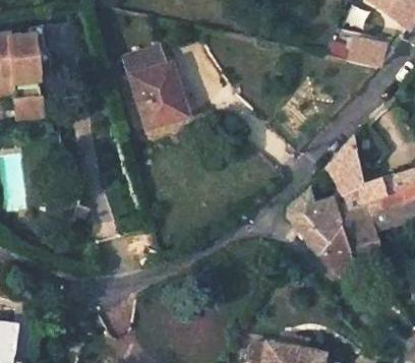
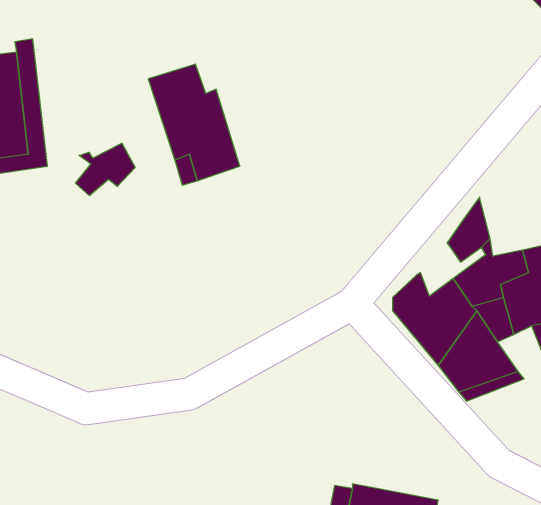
building: [324,35,381,67] -> none
building: none -> [76,143,135,196]

